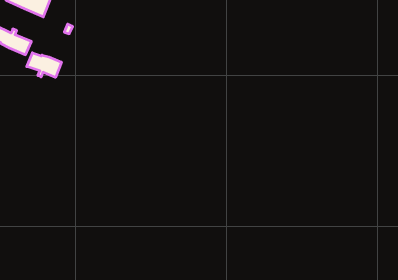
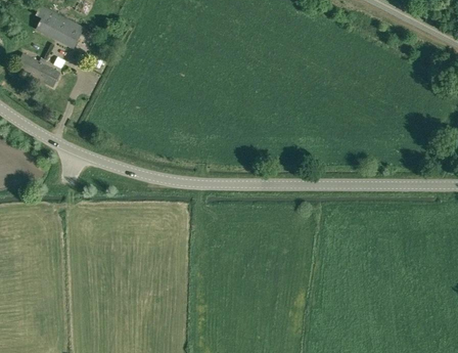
building: [27,53,61,77] -> none

